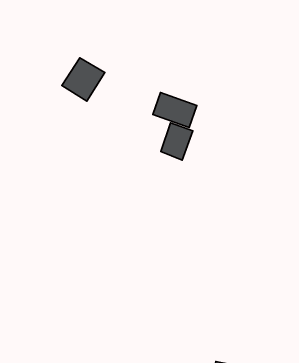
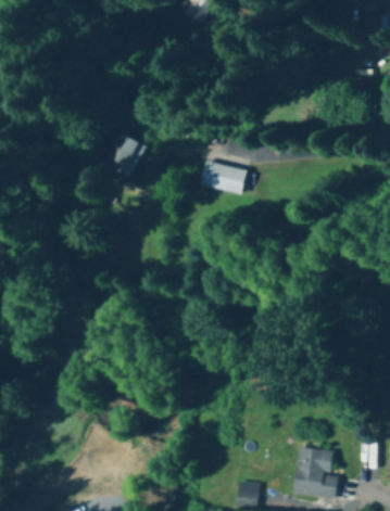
building: [161,123,193,160] -> none

